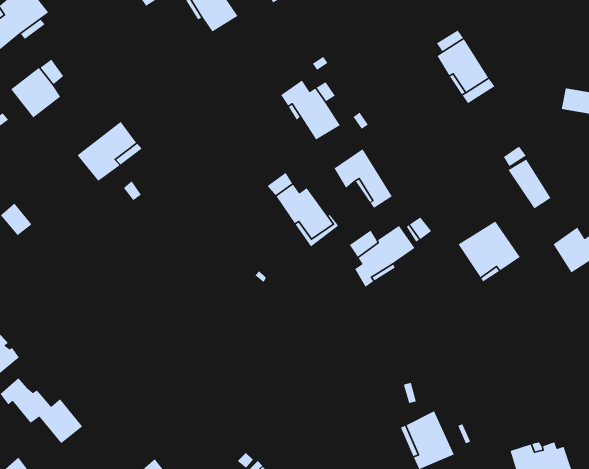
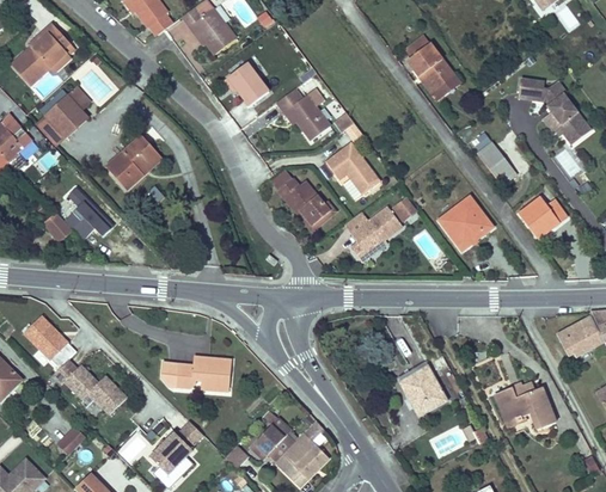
building: none -> [227,63,268,104]
building: none -> [66,185,117,240]
building: none -> [163,357,232,392]

